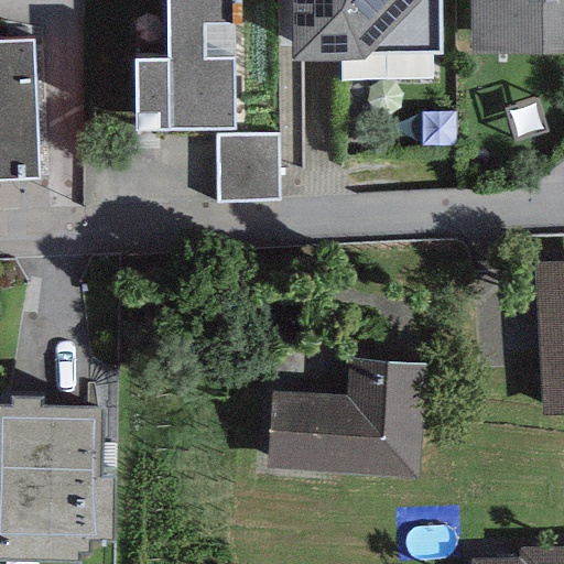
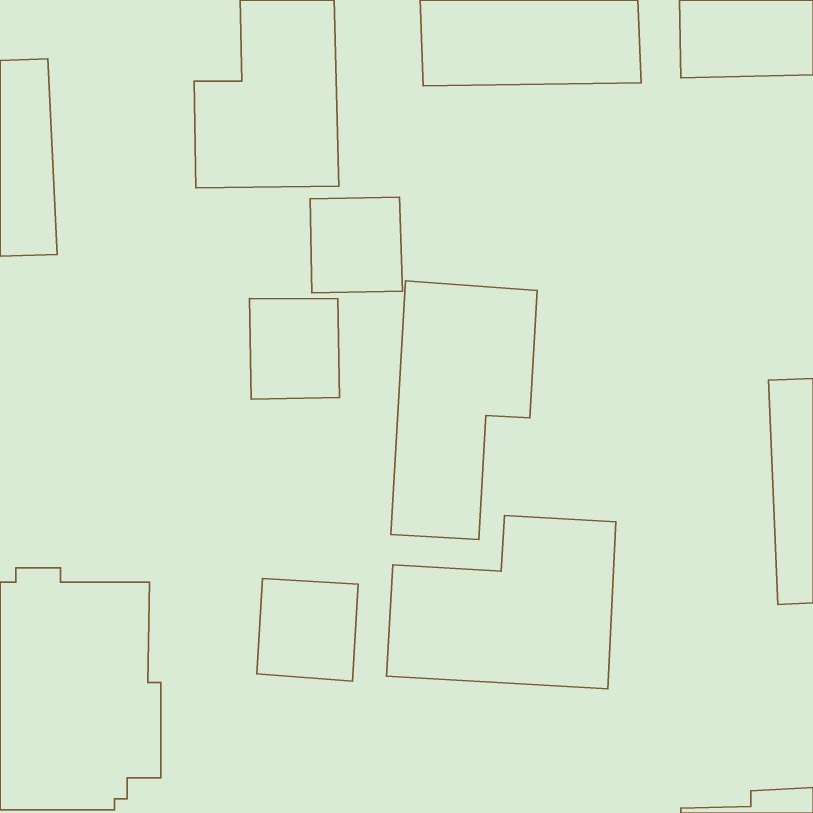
building: none -> [391,281,537,539]
building: none -> [249,299,339,399]
building: none -> [257,579,358,681]

